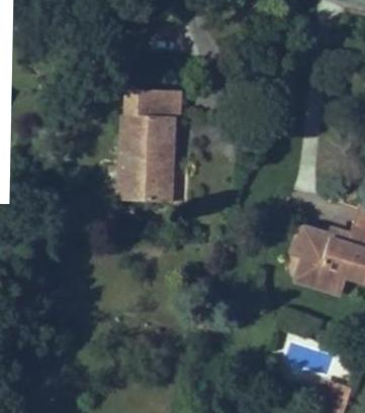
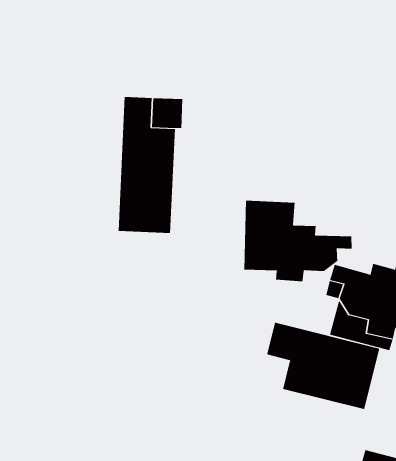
building: none -> [244,200,352,282]
building: none -> [266,322,380,410]

